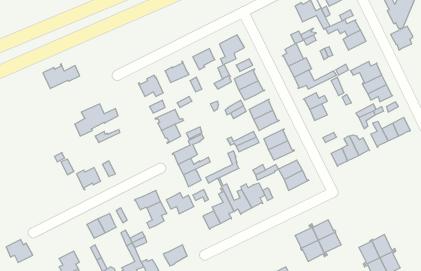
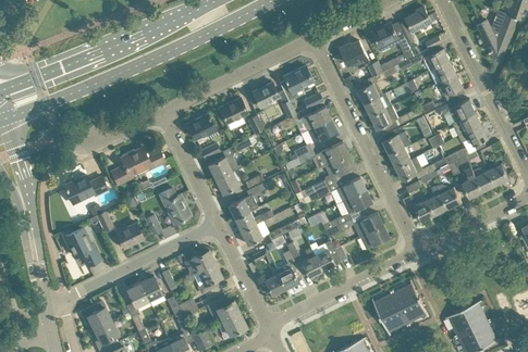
building: none -> [341,40,370,67]
building: [391,26,413,50] -> [438,73,464,101]
building: [43,64,80,89] -> [64,174,108,203]
building: none -> [396,156,442,179]
building: none -> [160,188,192,223]
building: none -> [65,228,101,265]
building: [166,193,194,214] -> [208,297,241,322]
building: [6,240,33,263] -> [81,302,112,329]

